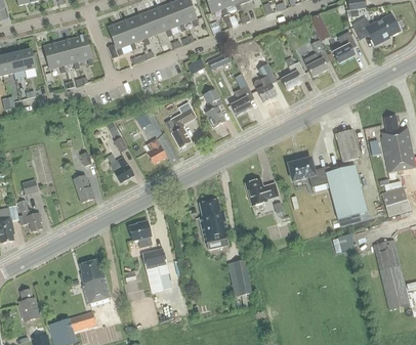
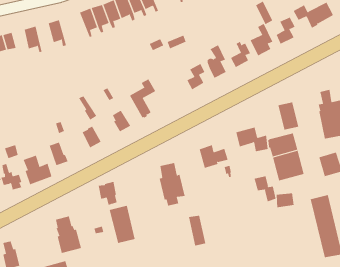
building: [58,38,80,69] -> none
building: [203,88,225,126] -> none
building: none -> [23,155,52,185]
building: none -> [254,176,276,202]

